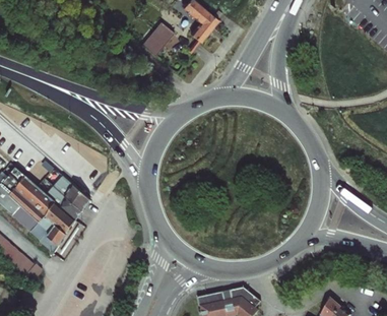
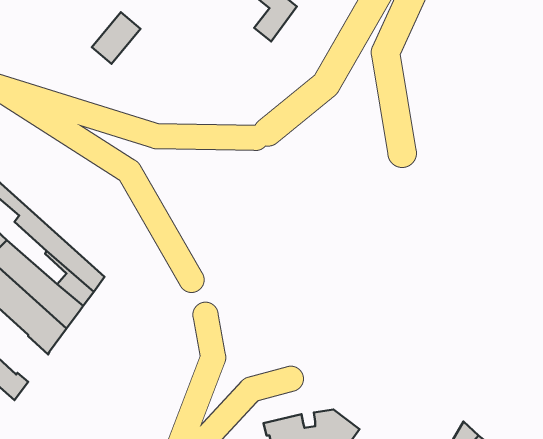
building: [141,21,174,56] -> [92,12,141,64]

